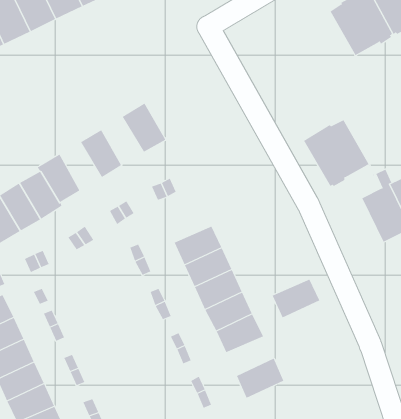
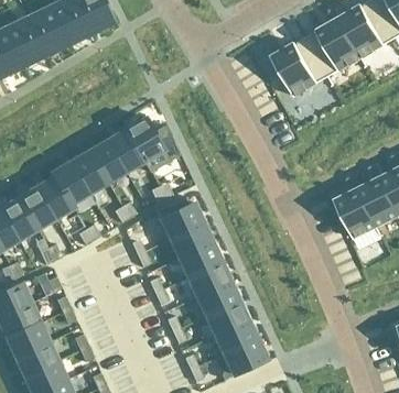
building: none -> [108,129,144,171]
building: [303,119,376,187] -> [271,37,334,96]
building: none -> [72,151,108,193]
building: none -> [161,201,204,238]
building: [272,279,320,318] -> [216,319,258,353]

